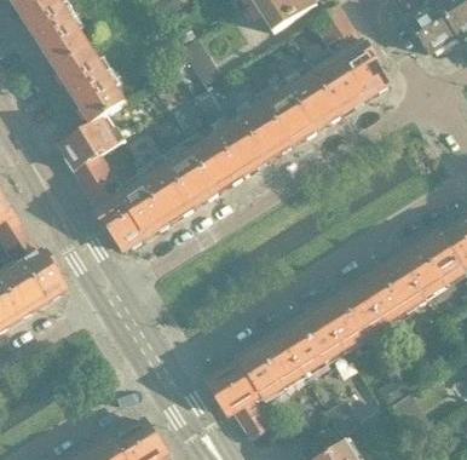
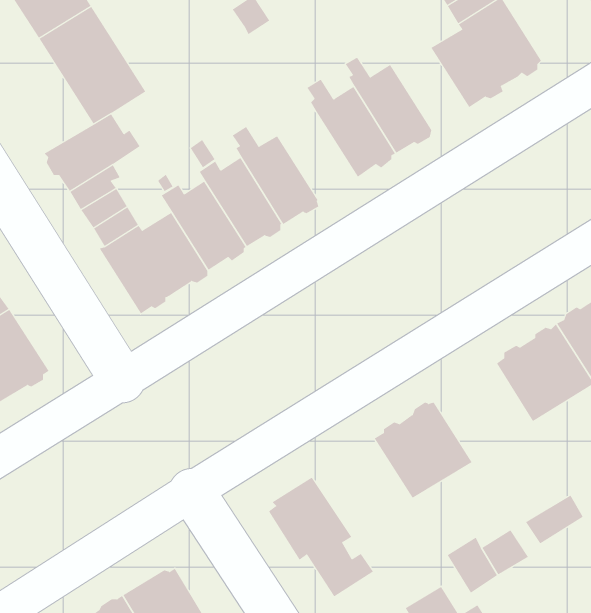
building: [283,64,341,130] -> none
building: [208,111,267,177] -> none
building: [318,284,384,350] -> none
building: [237,334,304,399] -> none

